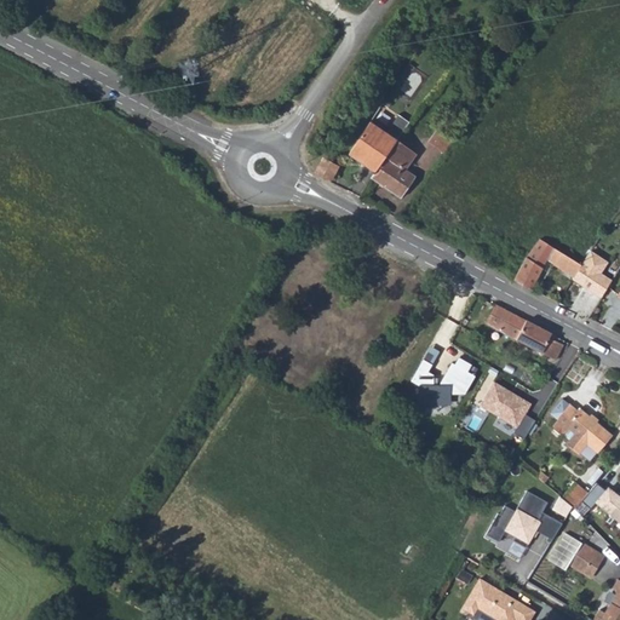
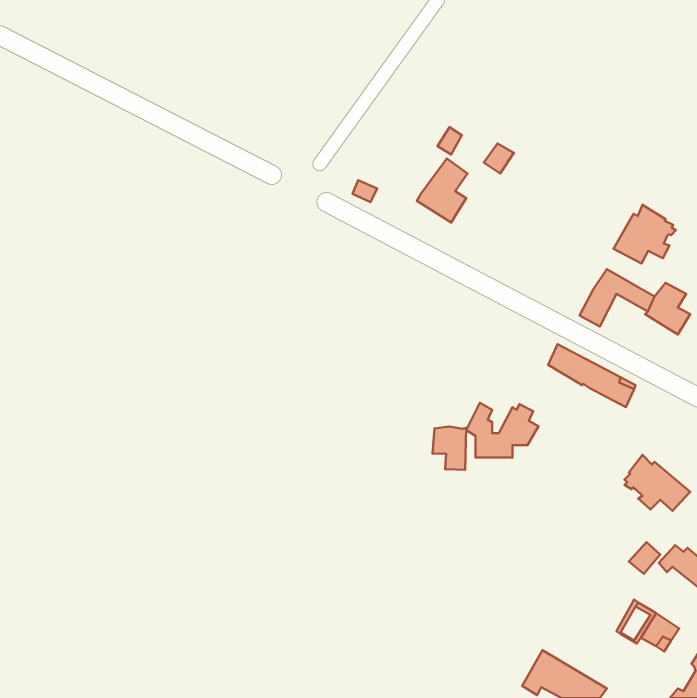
building: [345,120,397,172] -> none
building: none -> [614,205,676,263]
building: none -> [433,426,466,470]
building: [484,384,539,440] -> none
building: [489,492,564,545] -> none

